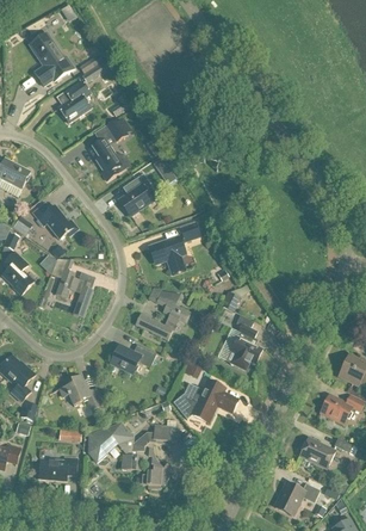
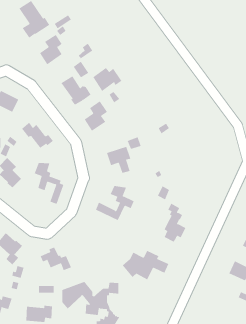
building: none -> [92,67,122,92]
building: [110,342,156,372] -> none
building: [298,437,335,468] -> none

